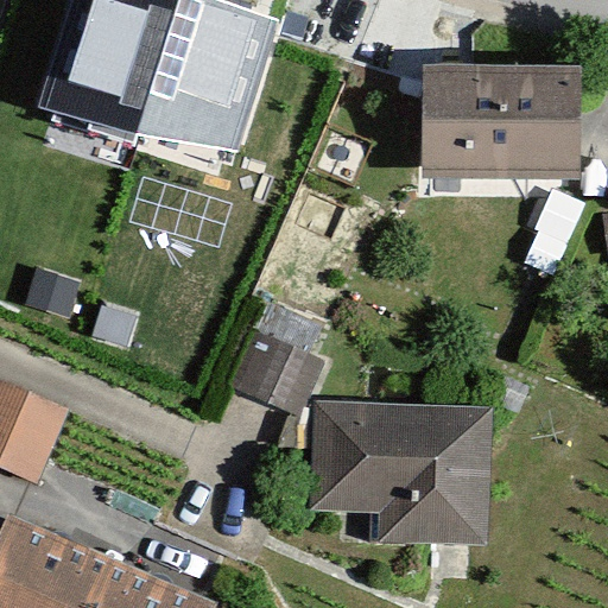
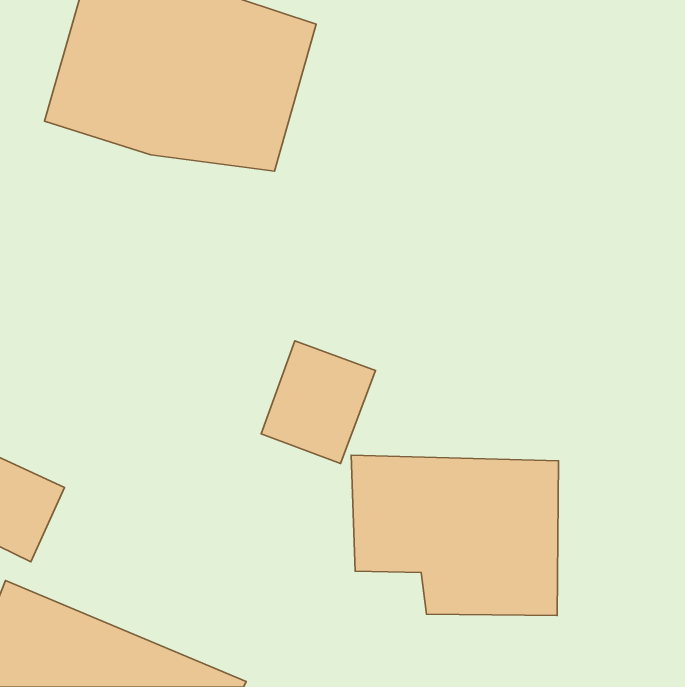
building: [422,66,578,185] -> none

